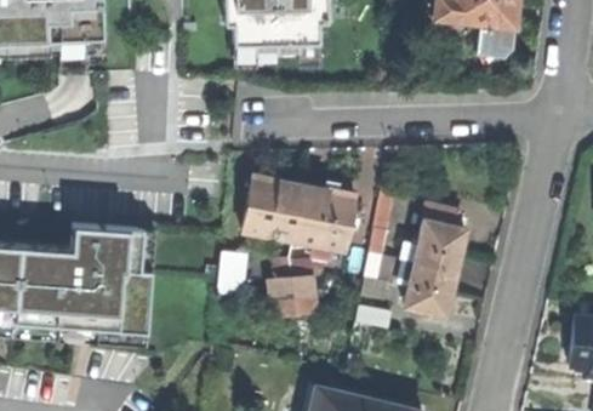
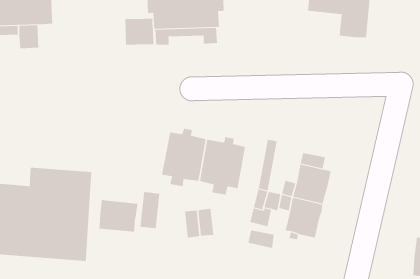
building: none -> [125,18,154,46]
building: none -> [99,199,138,233]

